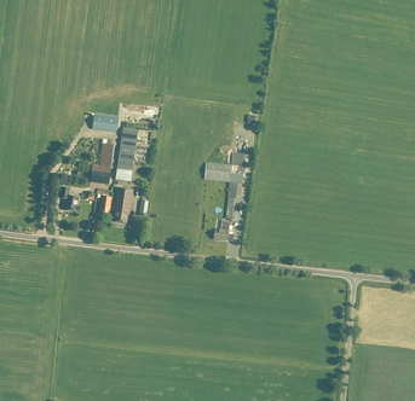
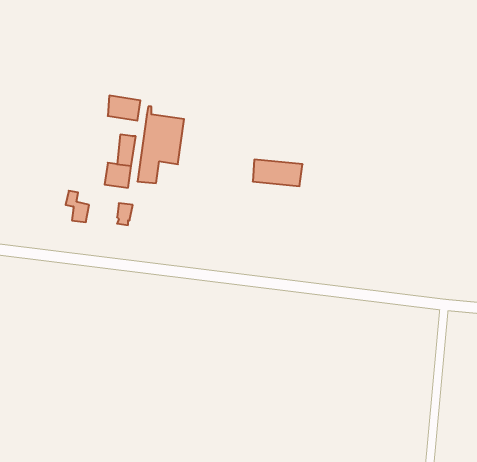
building: [214,182,241,240] -> none
building: [111,187,133,222] -> none

